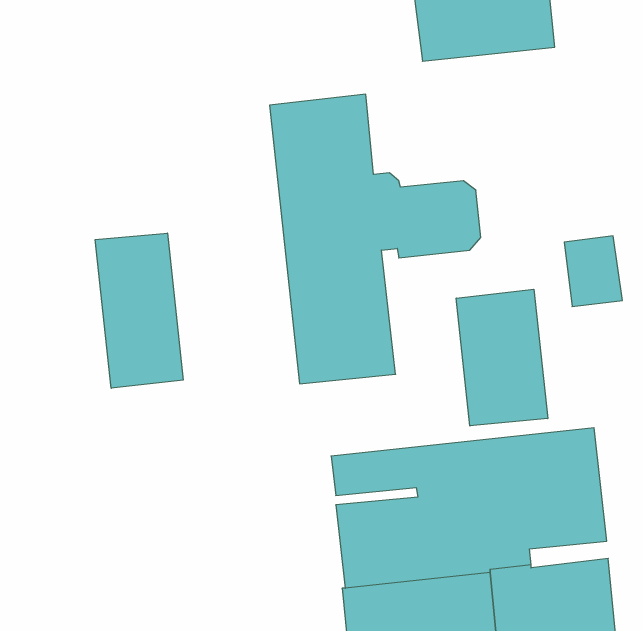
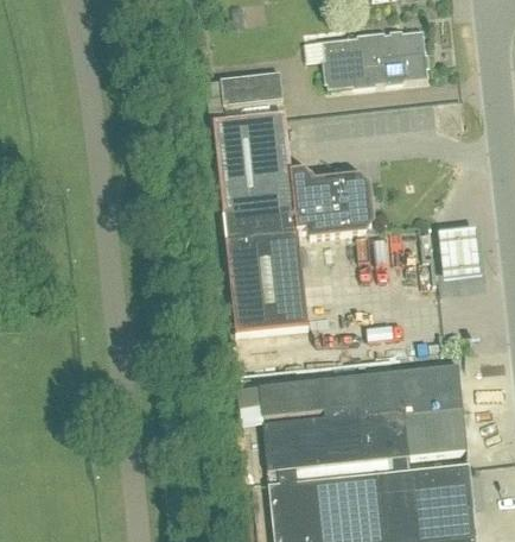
building: none -> [221,70,282,103]
building: [95,233,183,388] -> none
building: [456,289,548,426] -> none

